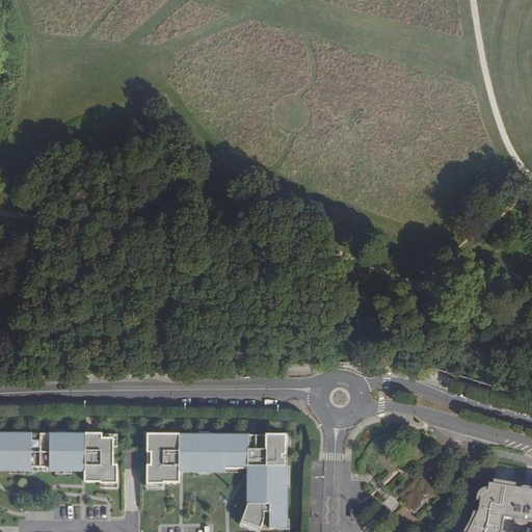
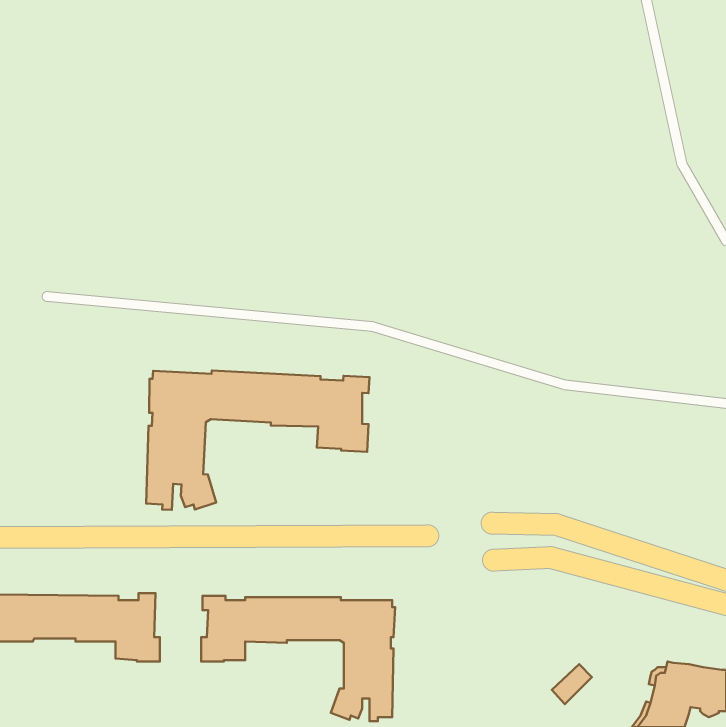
building: none -> [146,371,369,510]

